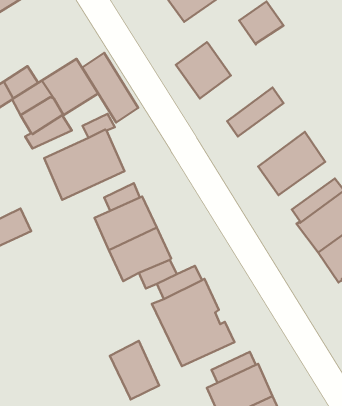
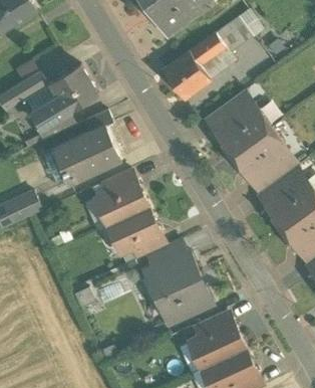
building: none -> [190,32,236,78]
building: [82,53,138,122] -> none
building: none -> [214,102,271,155]
building: none -> [250,151,298,191]
building: [110,341,159,400] -> none

